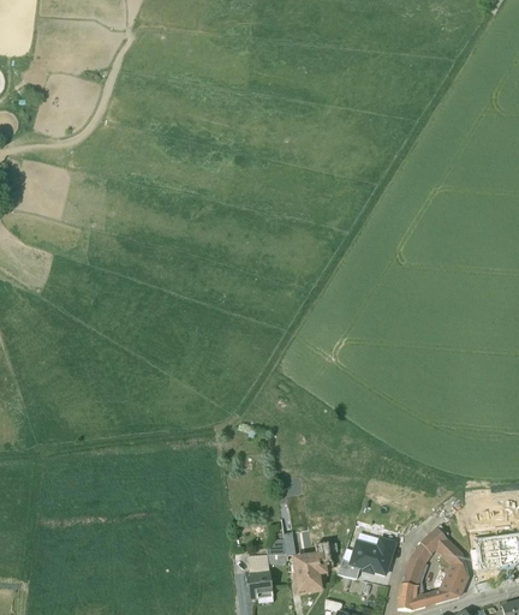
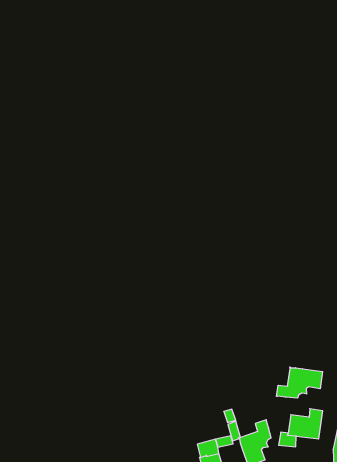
building: none -> [277,367,323,398]

